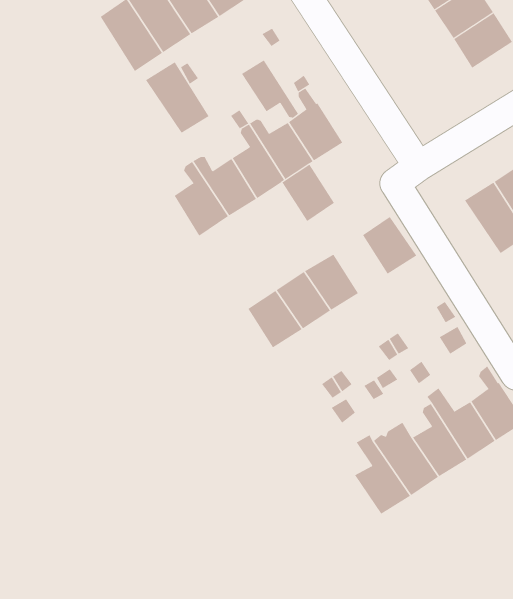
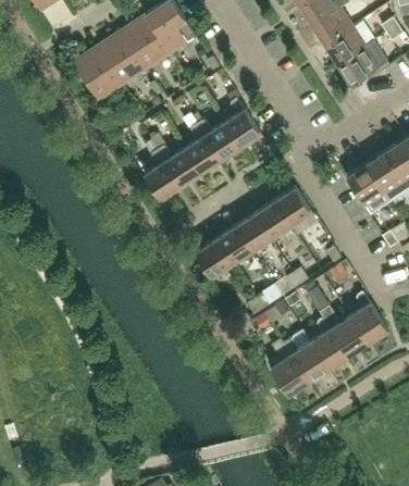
building: [241,60,299,118] -> none
building: [145,61,210,134] -> [73,50,117,100]
building: [282,164,335,222] -> [256,201,293,241]

